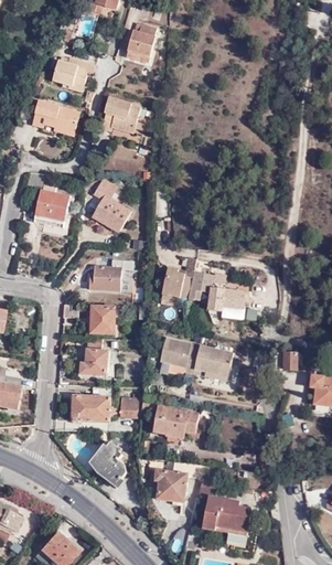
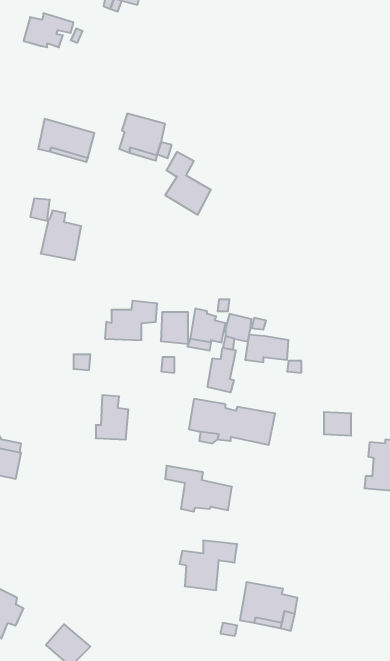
building: [126,24,156,60] -> none
building: [53,55,95,84] -> [24,13,73,47]
building: [93,177,131,230] -> [165,152,211,215]
building: none -> [208,348,236,392]
building: [90,306,114,332] -> [161,312,188,344]
building: [72,394,110,422] -> none
building: [118,395,141,416] -> none
building: [89,440,127,488] -> none

